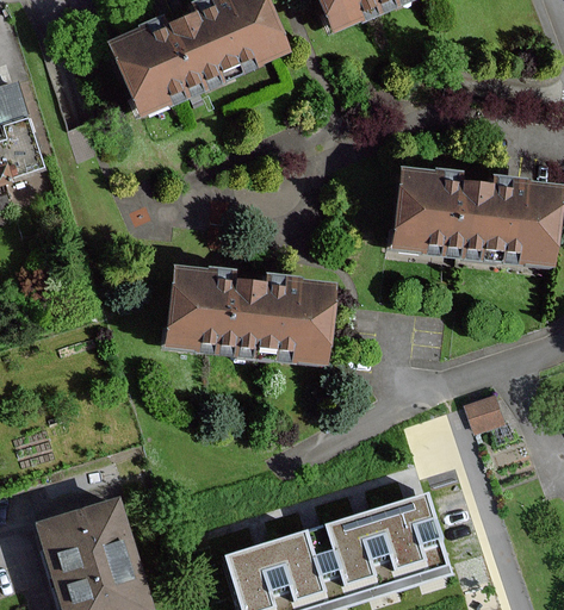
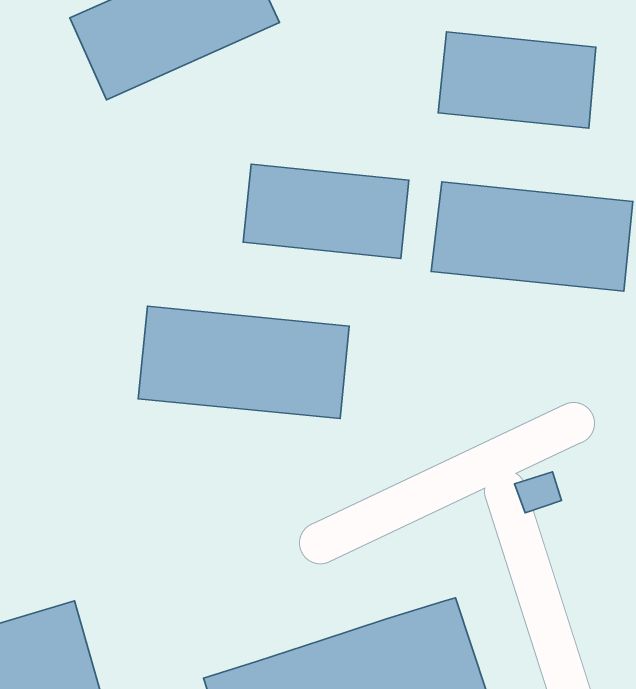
building: none -> [438,32,596,128]
building: none -> [243,164,409,258]

